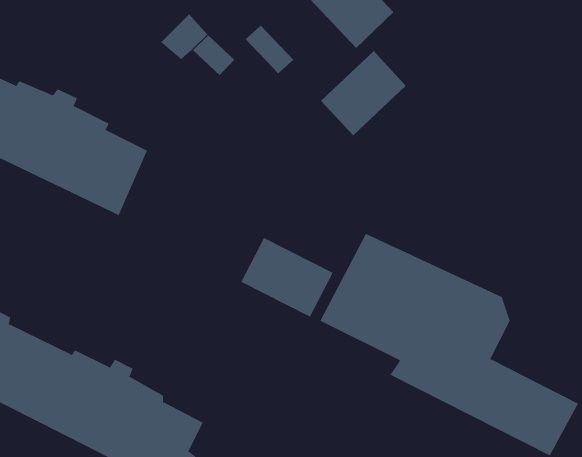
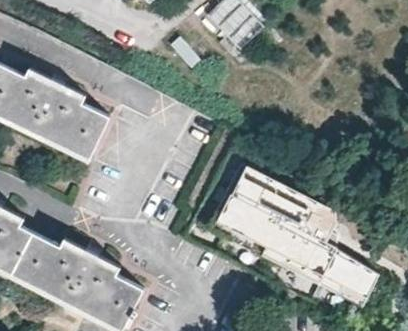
building: [320,50,407,136] -> none
building: [240,237,333,318] -> none

